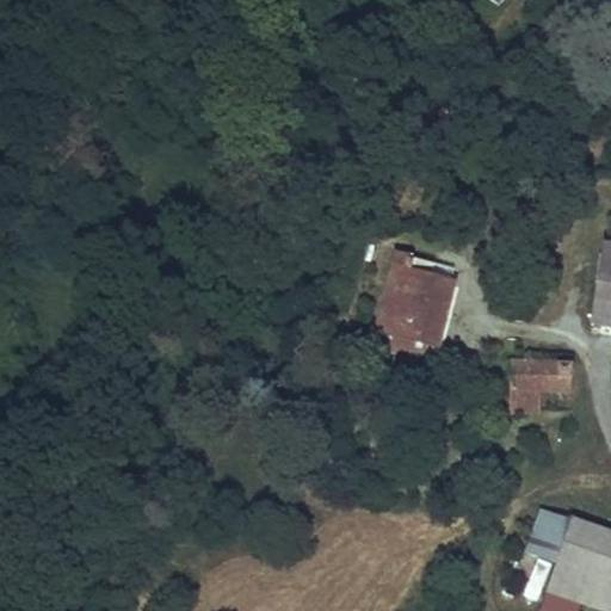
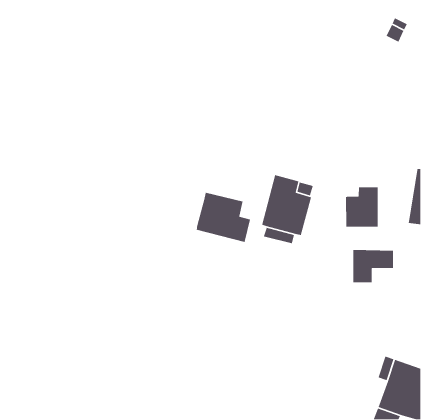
building: none -> [345,187,379,228]
building: none -> [196,192,251,243]

